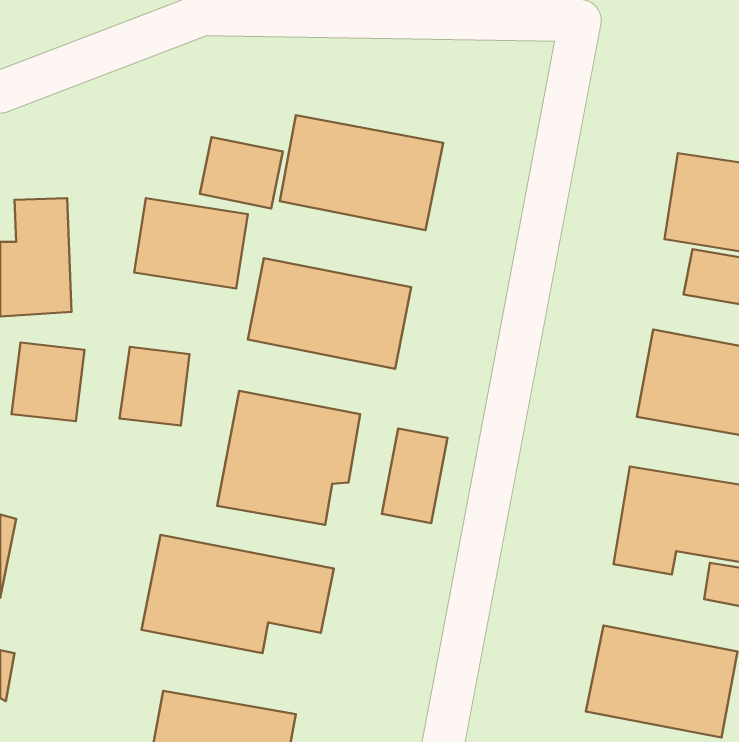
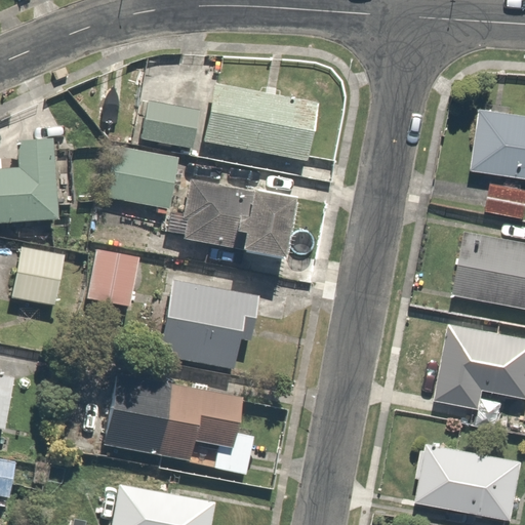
building: [382,429,447,523] -> none

